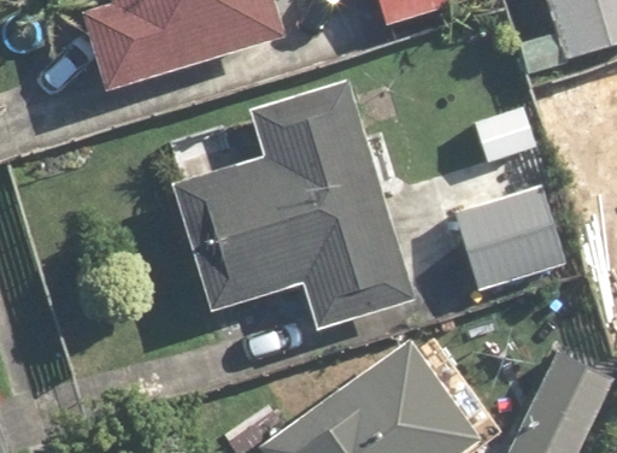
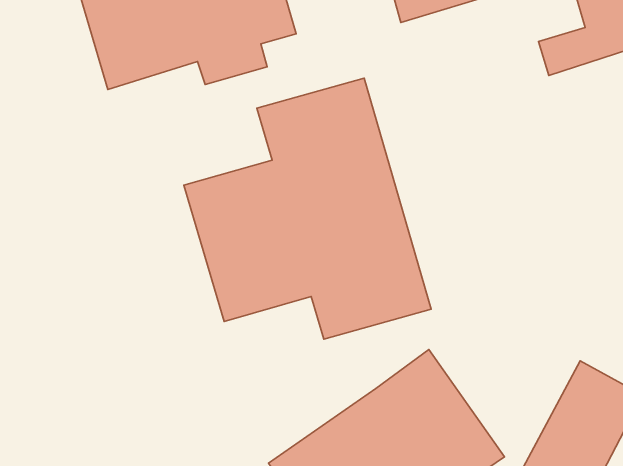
building: [453,181,570,292] -> none

